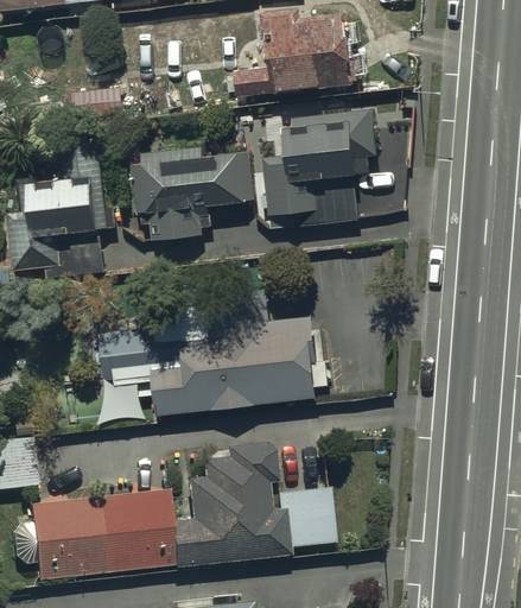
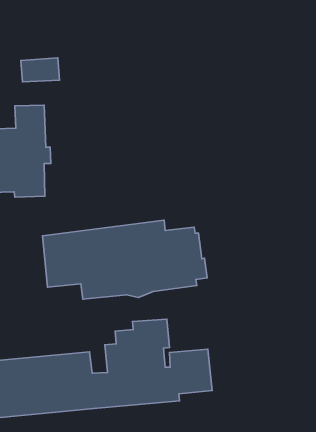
building: [224,13,351,99] -> none
building: [260,112,374,223] -> none
building: [133,145,254,243] -> none

